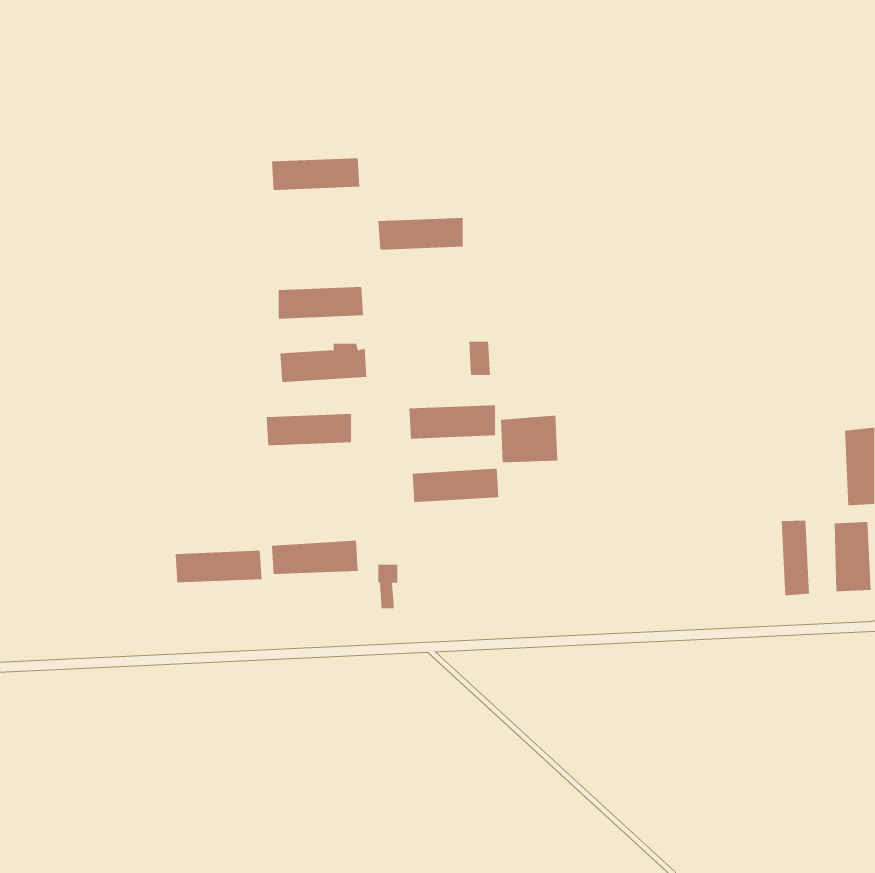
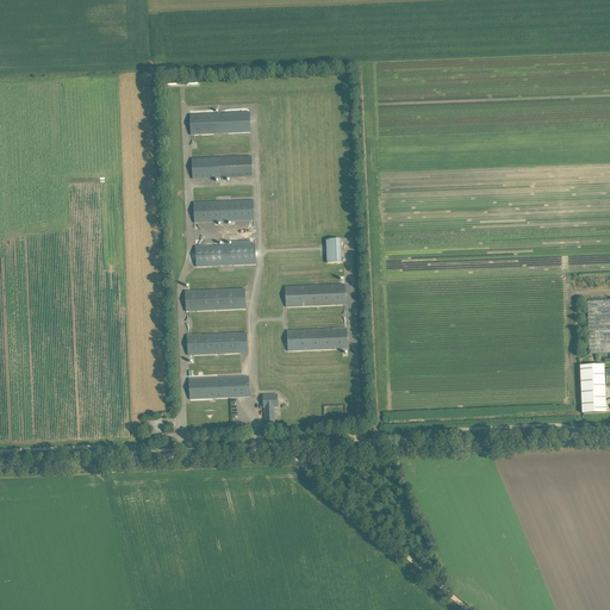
building: [378,218,463,250] -> [191,155,250,178]
building: [500,415,558,463] -> none
building: [781,520,810,596] -> none
building: [175,550,262,583] -> [186,331,247,354]

